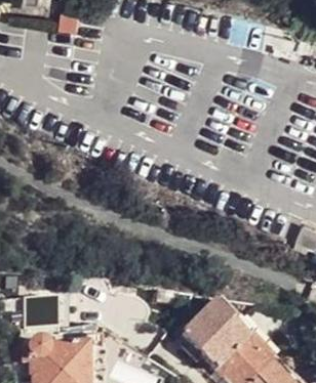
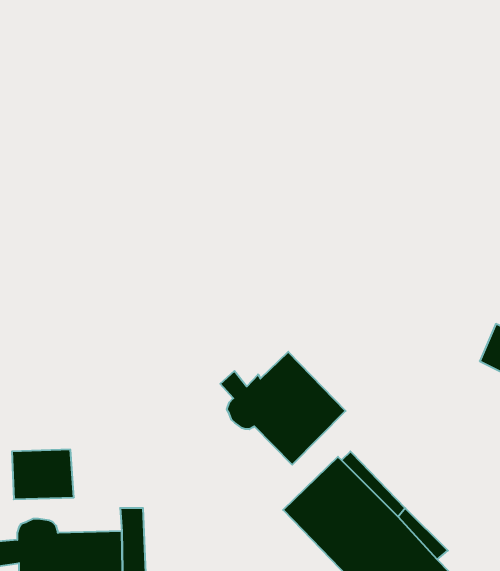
building: none -> [220,352,346,465]

